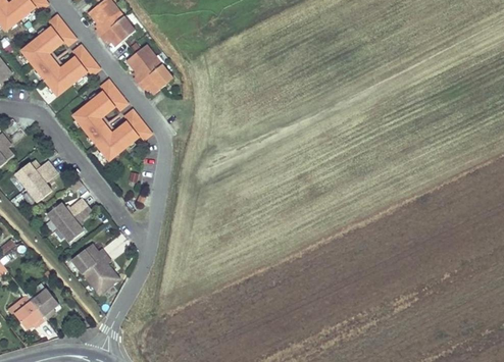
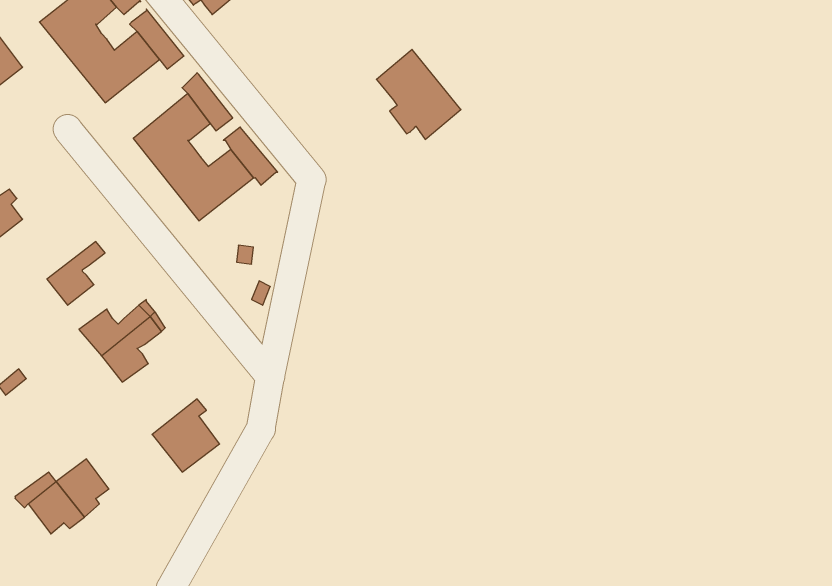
building: [127,43,172,92] -> [376,49,461,139]
building: [14,162,52,190] -> none
building: [67,239,107,274] -> none

